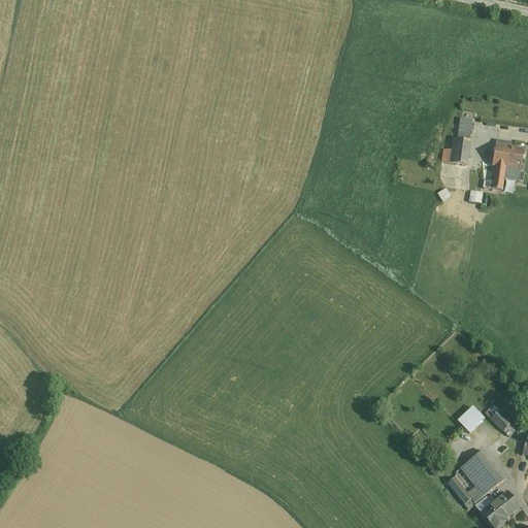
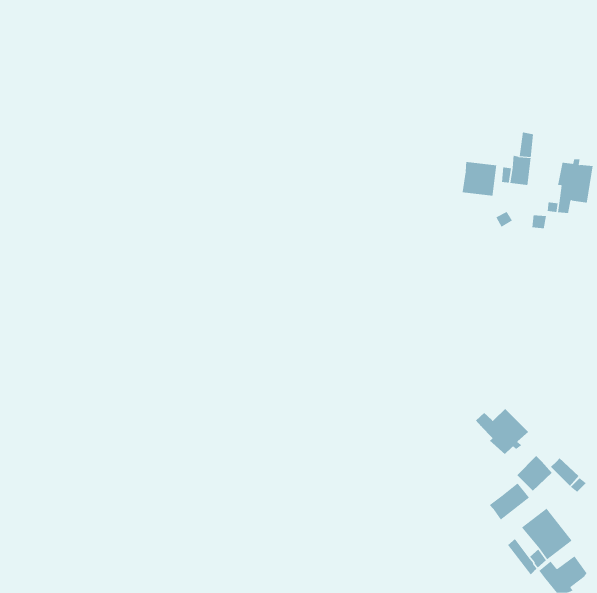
building: none -> [462,161,497,197]
building: none -> [475,408,529,455]
building: none -> [489,482,530,520]

